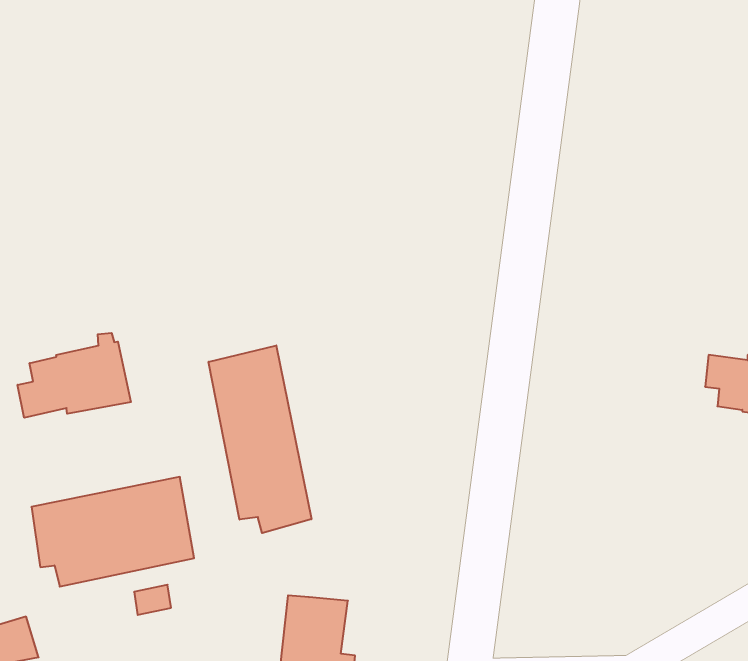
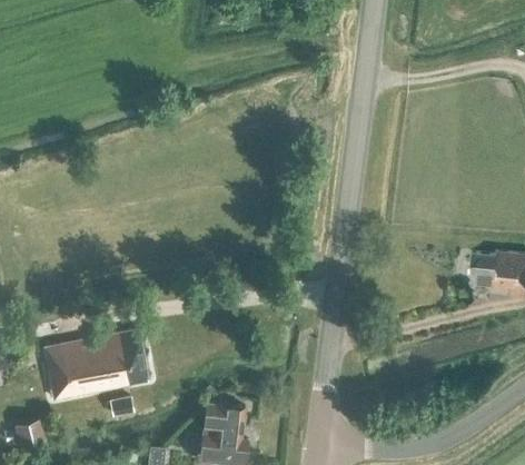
building: [18,333,131,418] -> none
building: [209,345,311,533] -> none

